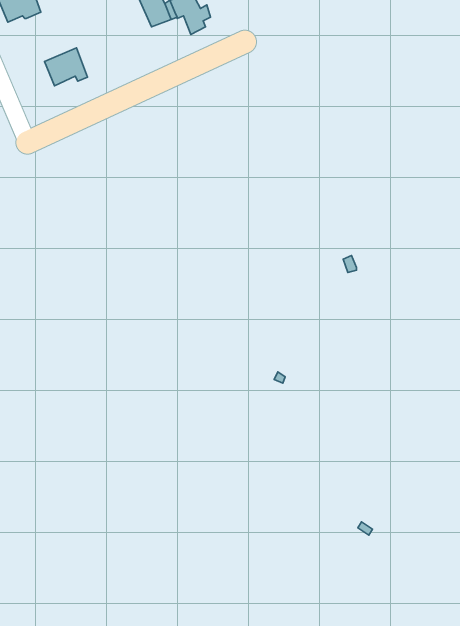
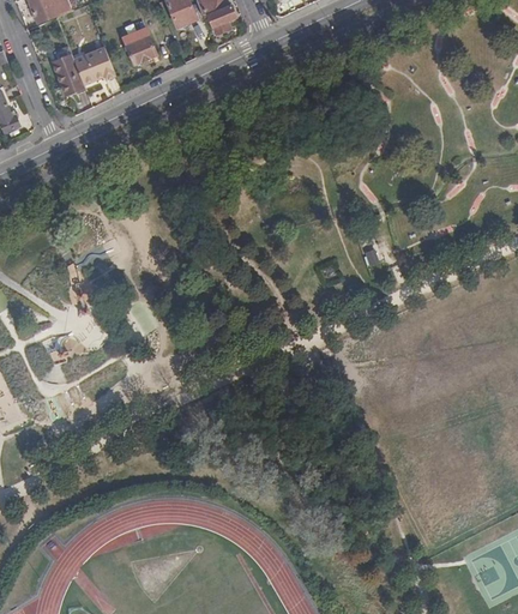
building: none -> [122,28,157,65]
building: none -> [53,47,84,95]

